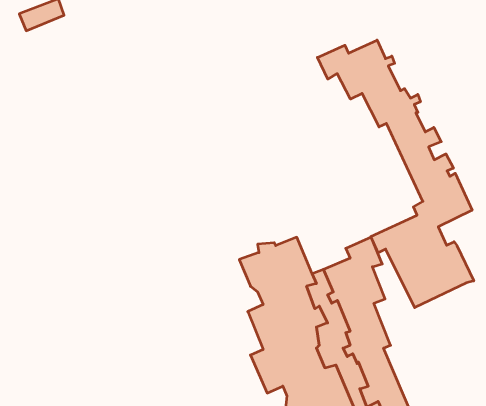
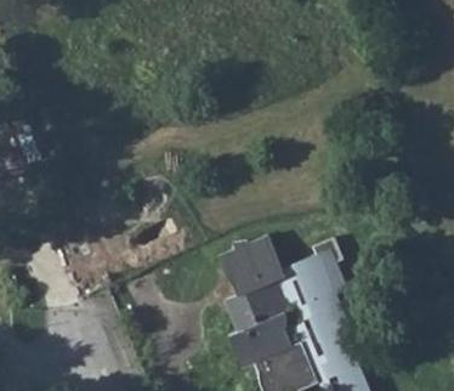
building: [317,40,474,308] -> none

